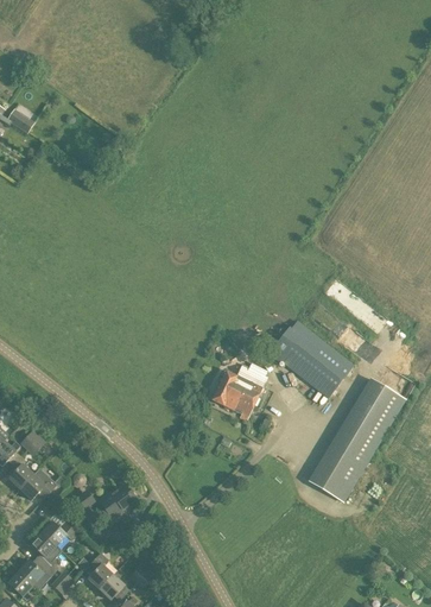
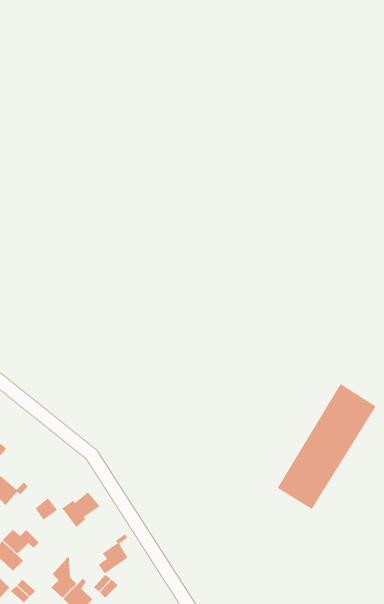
building: [266,320,354,398] -> none
building: [211,363,267,419] -> none
building: none -> [98,533,128,574]

